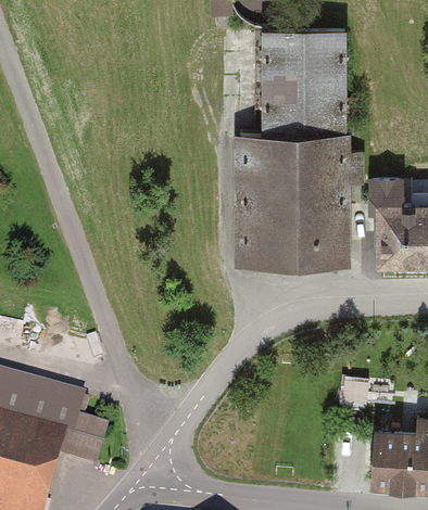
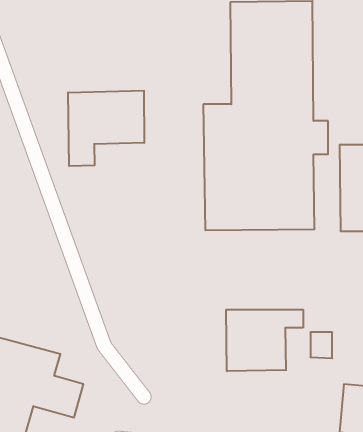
building: none -> [68,91,144,166]
building: none -> [226,310,303,371]

